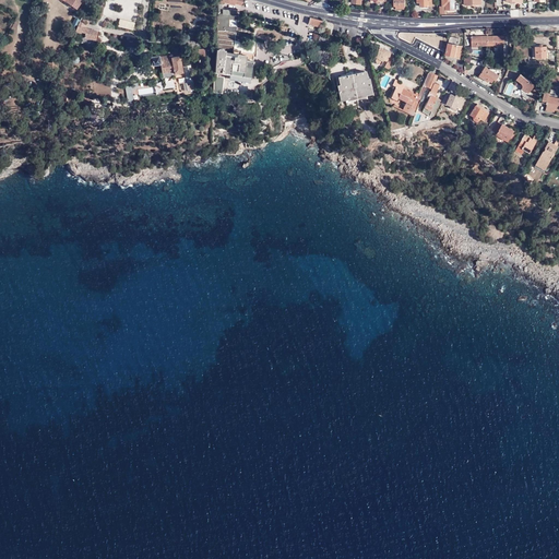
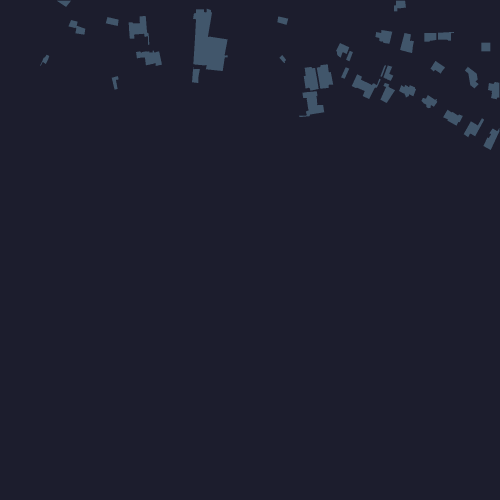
building: none -> [128,15,150,46]
building: none -> [298,90,325,118]

